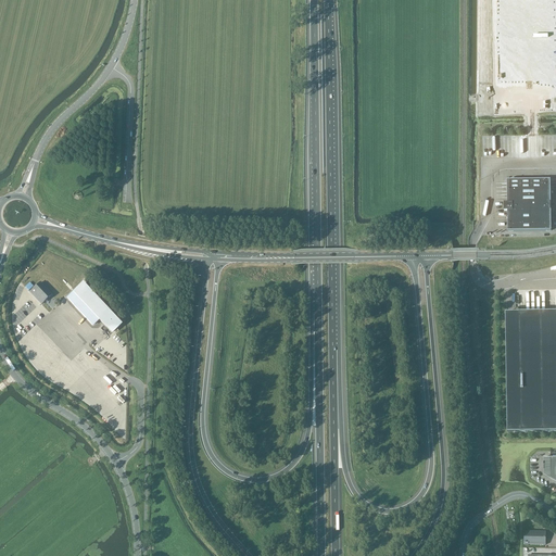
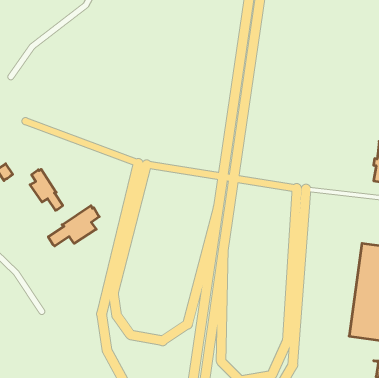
building: none -> [48,206,99,246]

